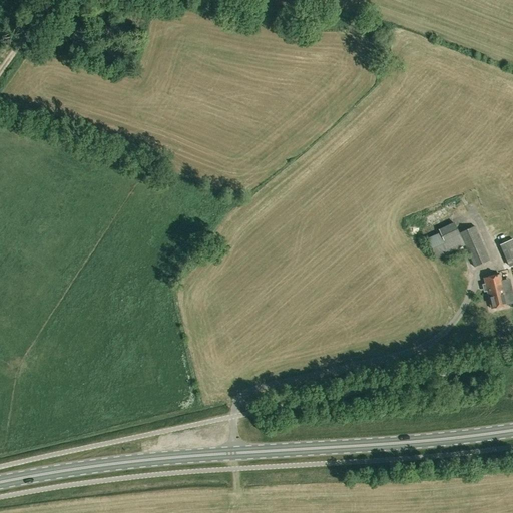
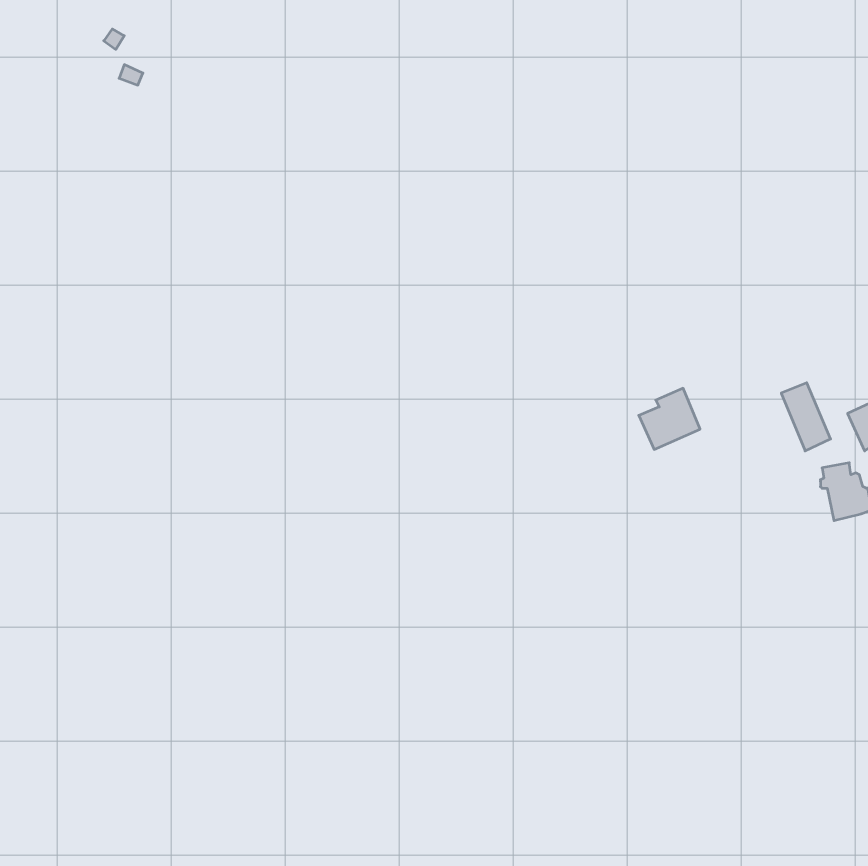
building: [429,220,465,256] -> [639,388,700,449]

